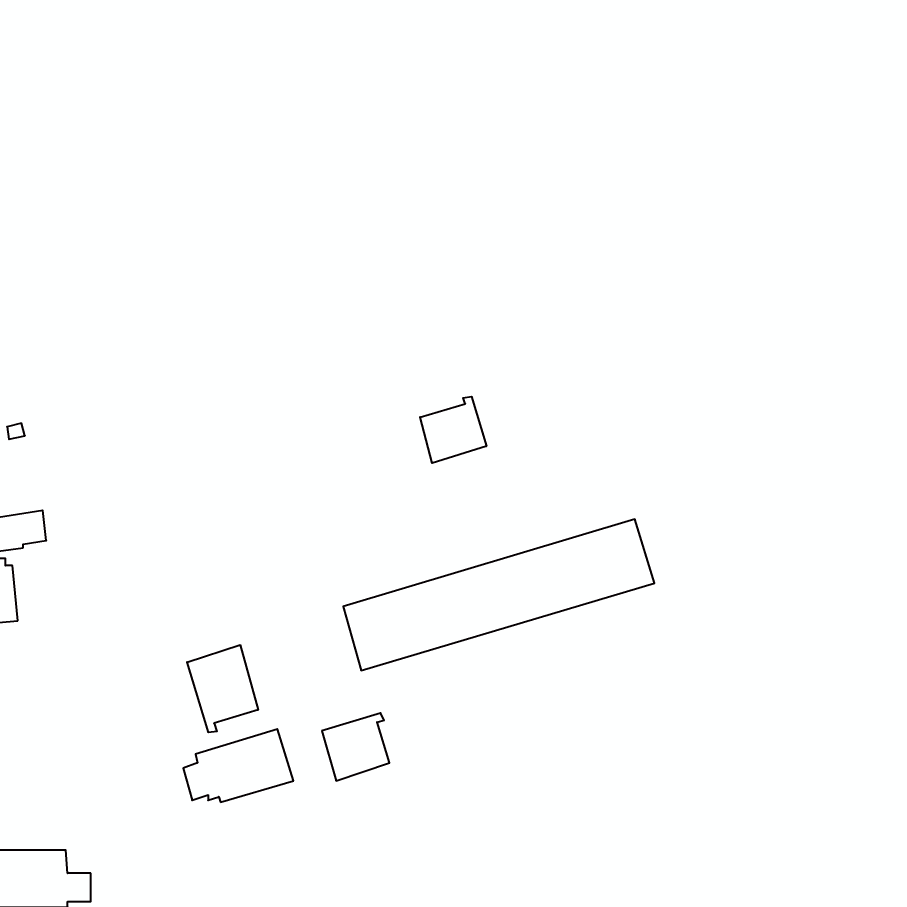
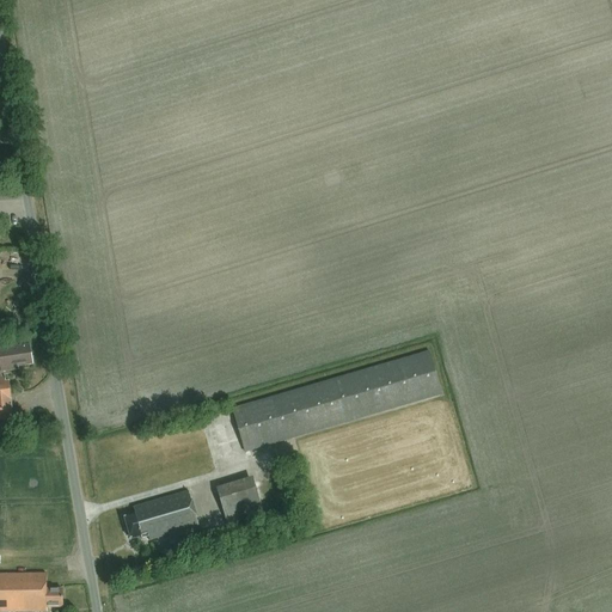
building: [420,397,486,463] -> none
building: [187,645,258,732] -> none

